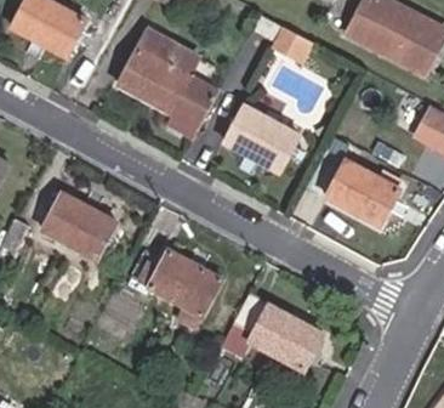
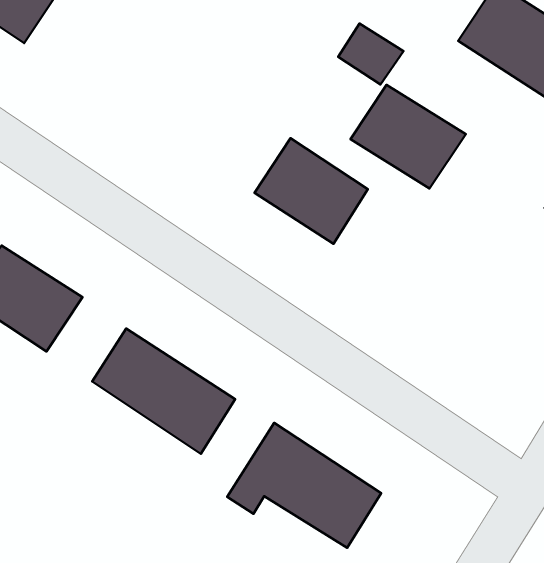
building: [118,32,217,140] -> none
building: [325,160,400,226] -> [350,85,466,189]

